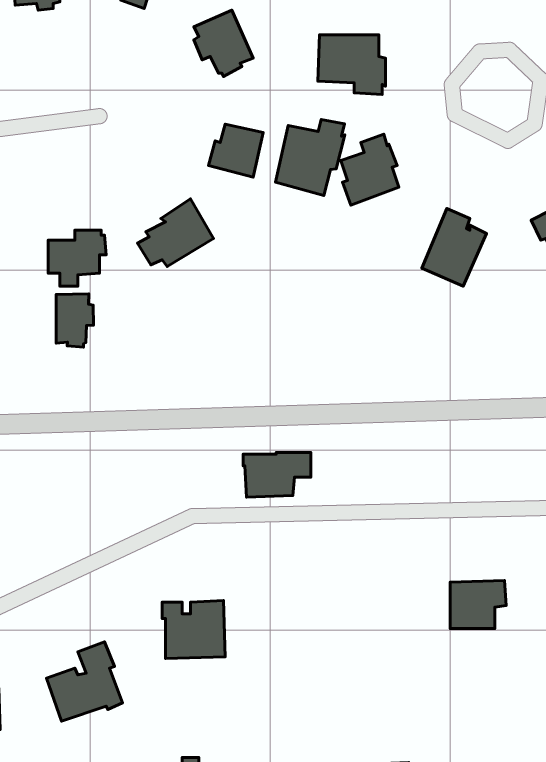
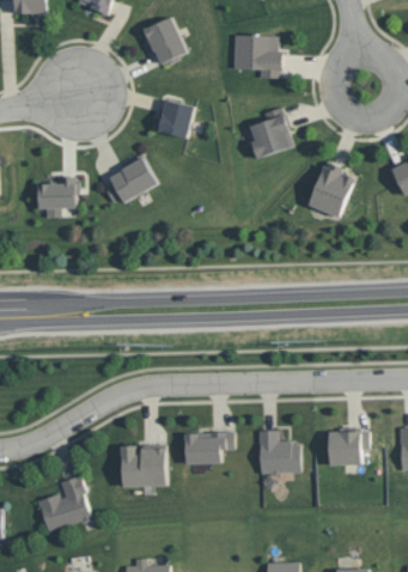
building: [276,120,345,196] -> none
building: [56,294,93,347] -> none
building: [243,453,311,497] -> [183,432,232,464]
building: none -> [256,431,299,476]

